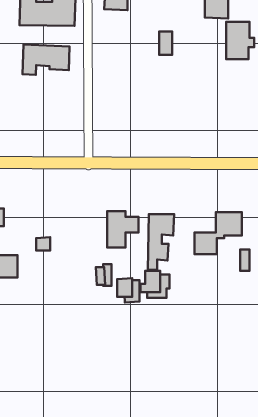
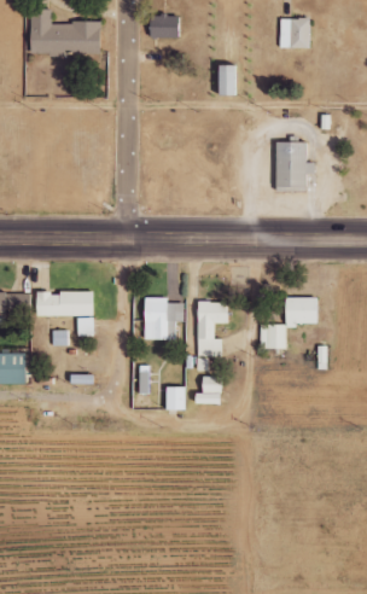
building: [226,22,254,59] -> [276,141,313,190]
building: [23,45,69,75] -> none
building: none -> [36,291,94,337]

